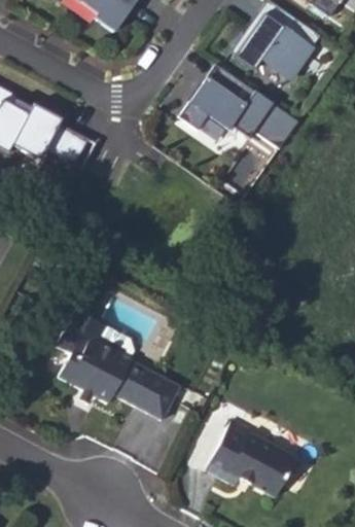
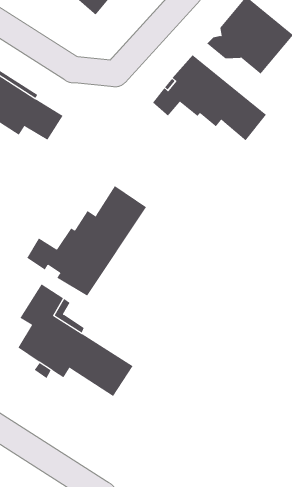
building: none -> [27,185,147,297]
building: [208,422,296,497] -> none

